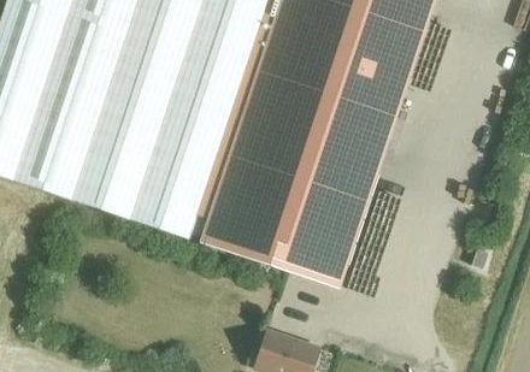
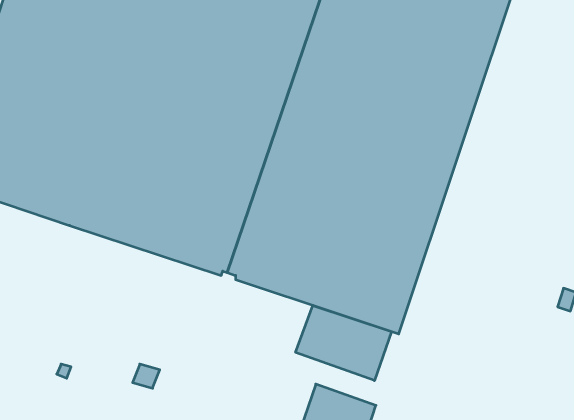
building: none -> [296,305,391,381]

